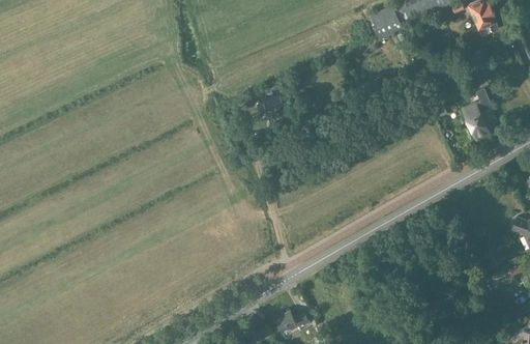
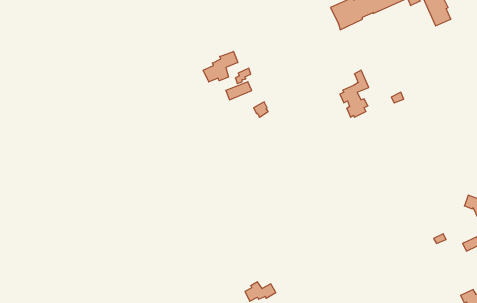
building: none -> [203,51,238,82]
building: [461,88,492,139] -> [340,70,369,117]

